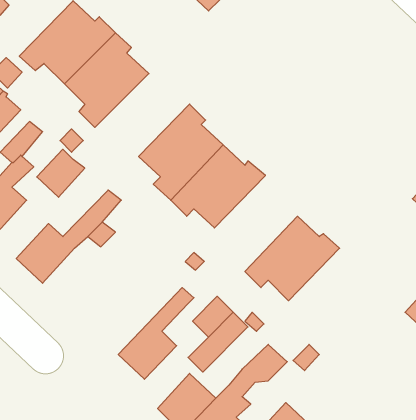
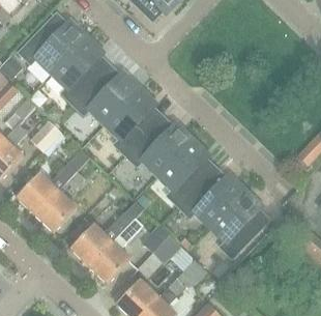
building: none -> [71,64,139,123]
building: none -> [156,137,215,205]
building: none -> [34,189,76,231]
building: none -> [209,189,269,257]
building: none -> [70,200,142,264]

